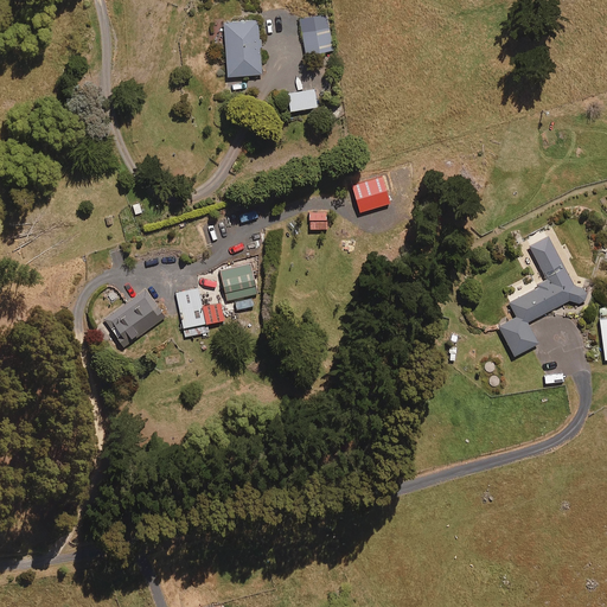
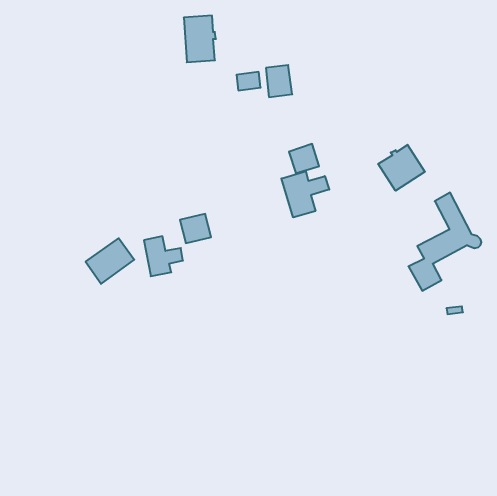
building: [301,14,333,53] -> [266,65,292,97]
building: none -> [378,145,425,191]
building: none -> [281,171,329,217]

